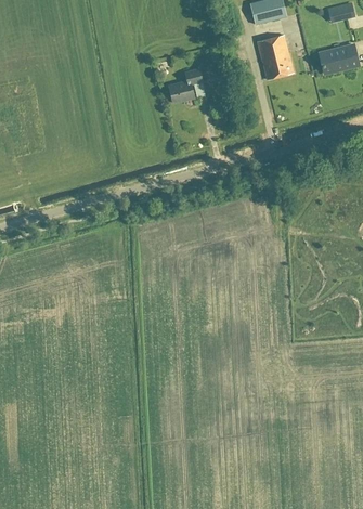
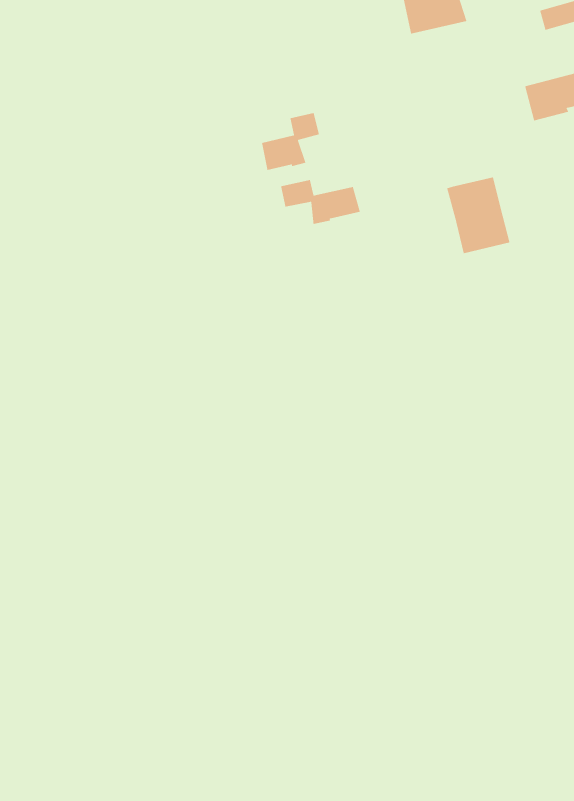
building: [257,35,294,79] -> [446,177,511,254]
building: none -> [280,179,361,225]

